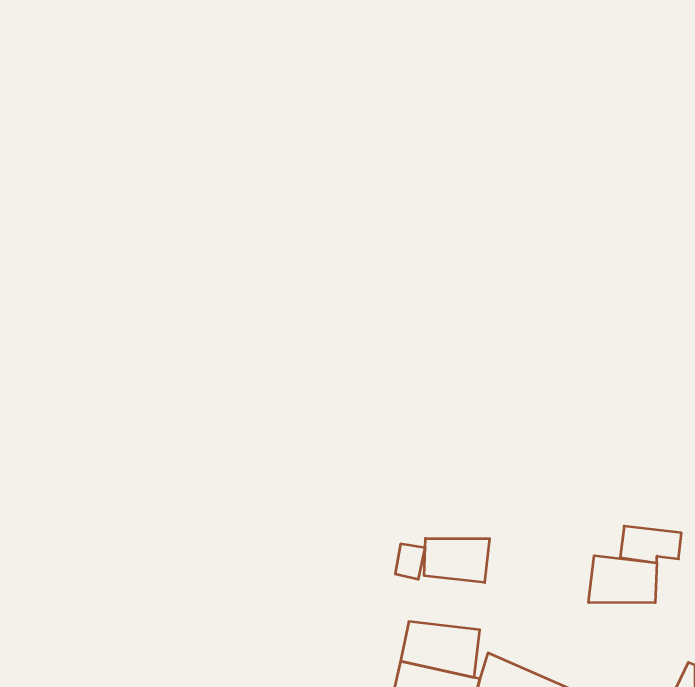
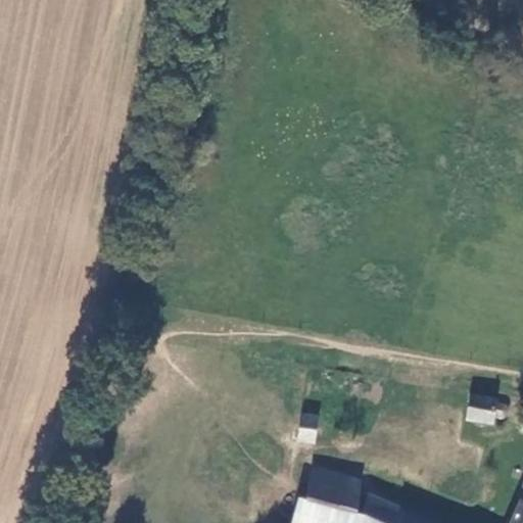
building: [424,538,490,583] -> none
building: [589,556,657,603] -> none

